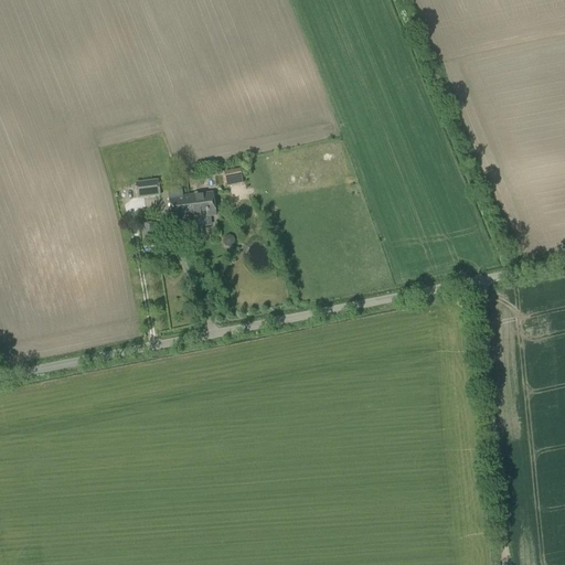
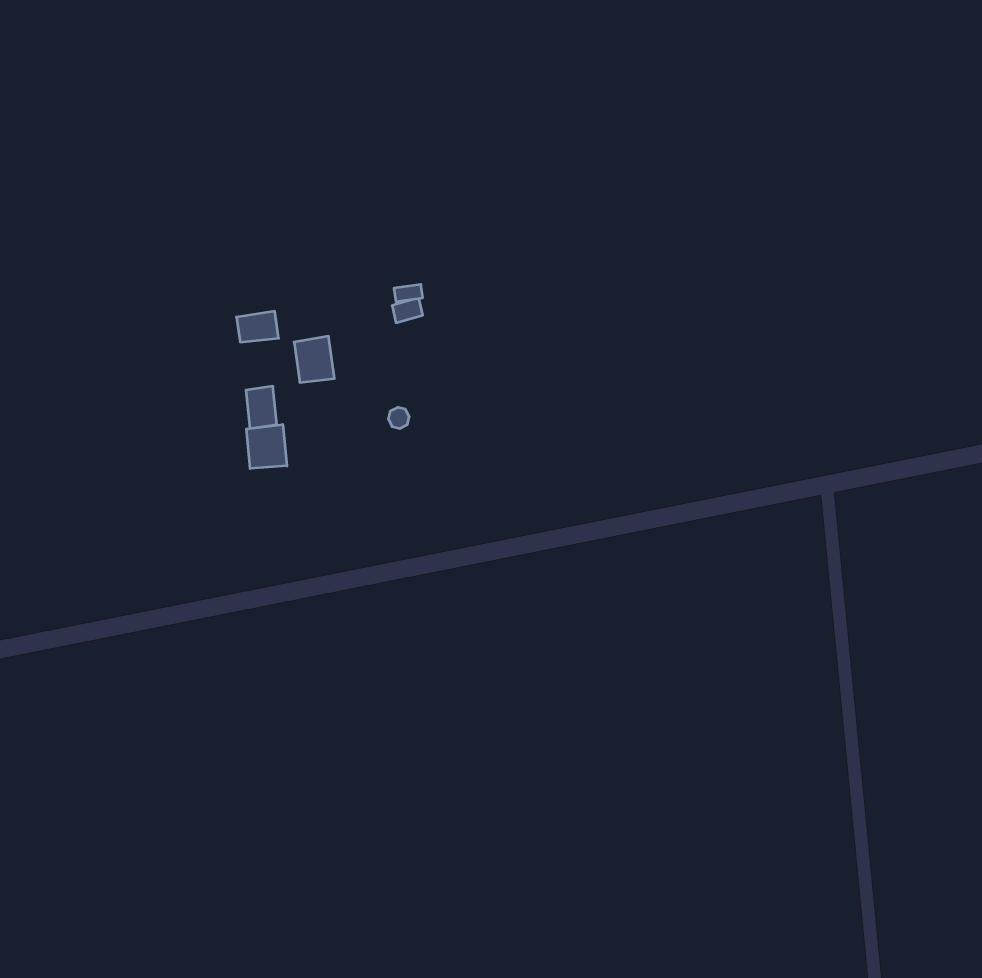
building: [189,191,216,217] -> none
building: none -> [246,424,287,469]

